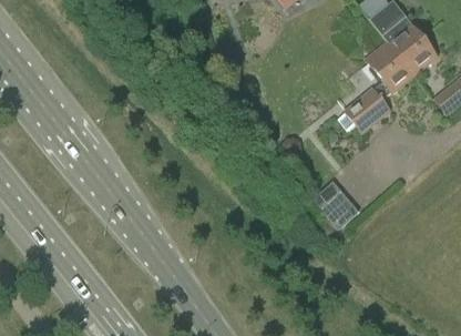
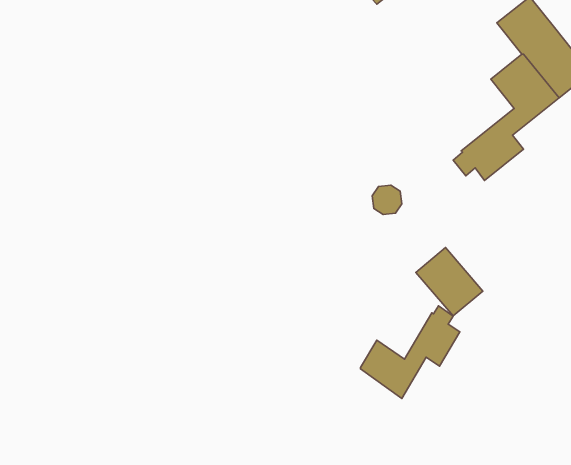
building: none -> [360,306,460,398]

